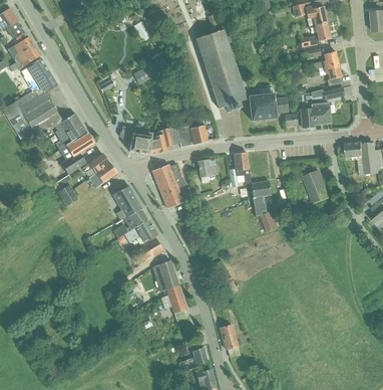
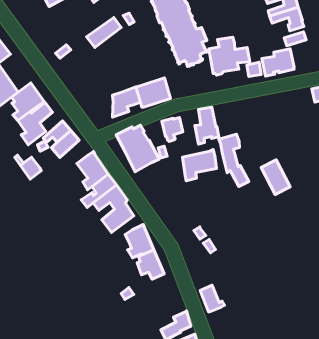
building: [120,125,152,153] -> none
building: [303,169,329,202] -> [261,160,290,195]
building: none -> [182,150,217,181]

